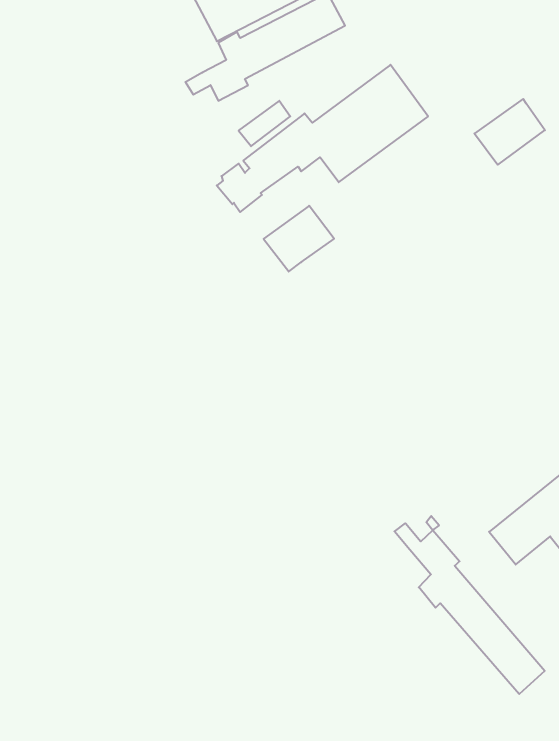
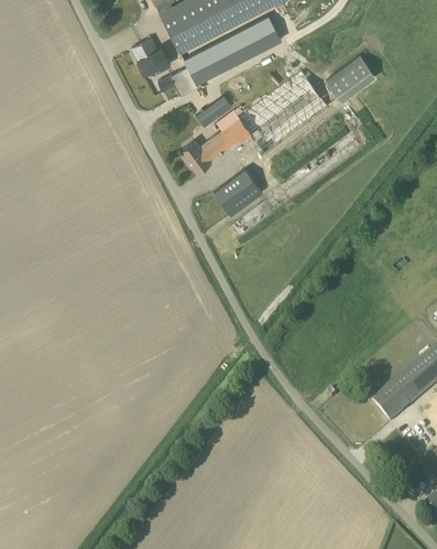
building: none -> [131,37,170,74]
building: [474,99,545,165] -> [325,55,374,101]
building: [394,523,545,694] -> none

